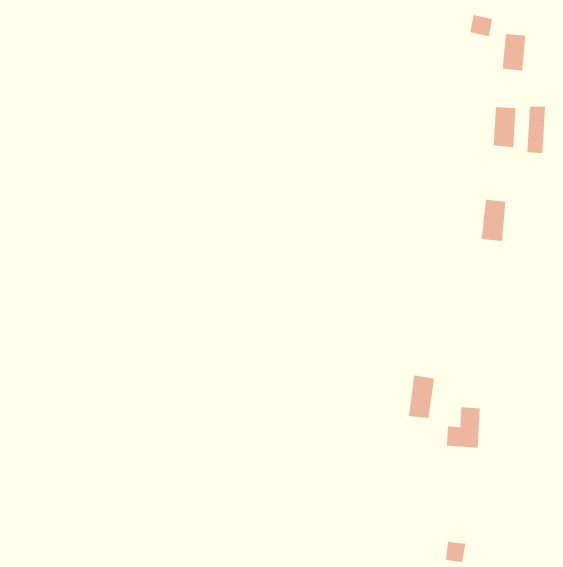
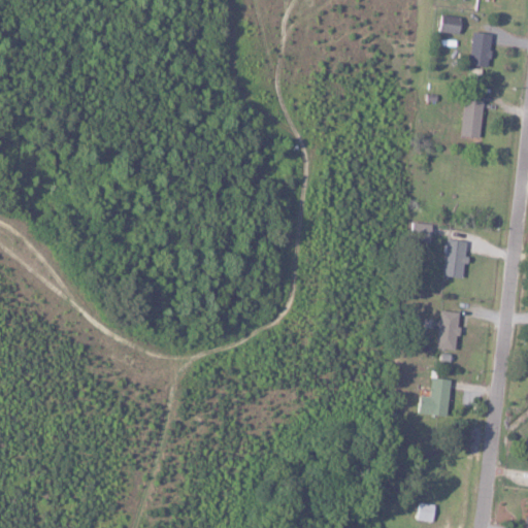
building: [527,106,545,154] -> none
building: [481,199,506,242] -> [443,239,467,278]
building: [408,375,435,418] -> [436,310,461,351]

